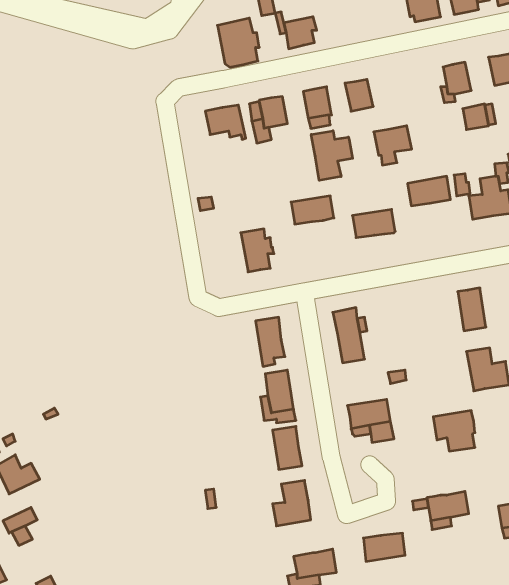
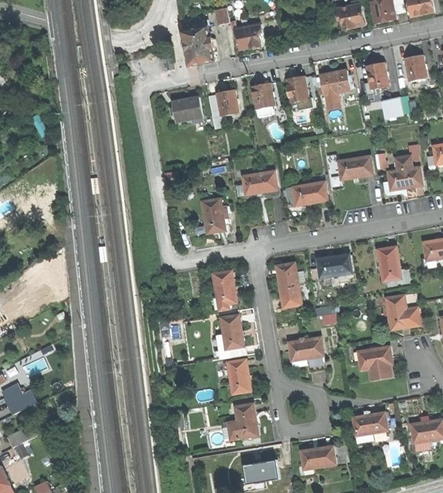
building: [374,126,412,165] -> [319,70,350,102]
building: [311,131,353,180] -> none
building: none -> [316,255,351,278]

